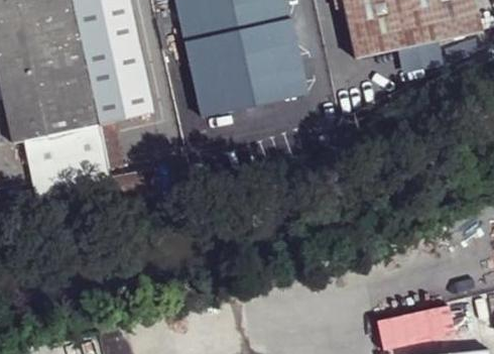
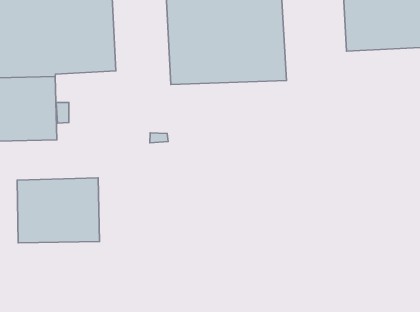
building: none -> [17,178,99,243]

